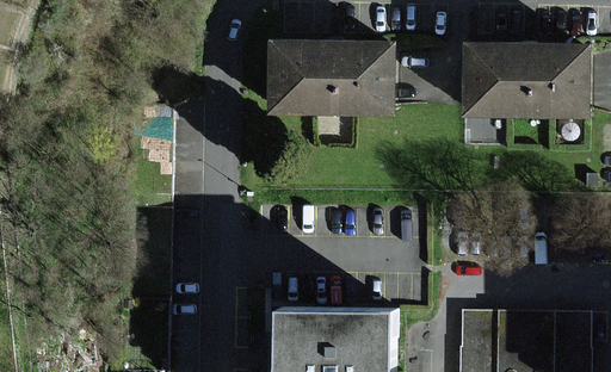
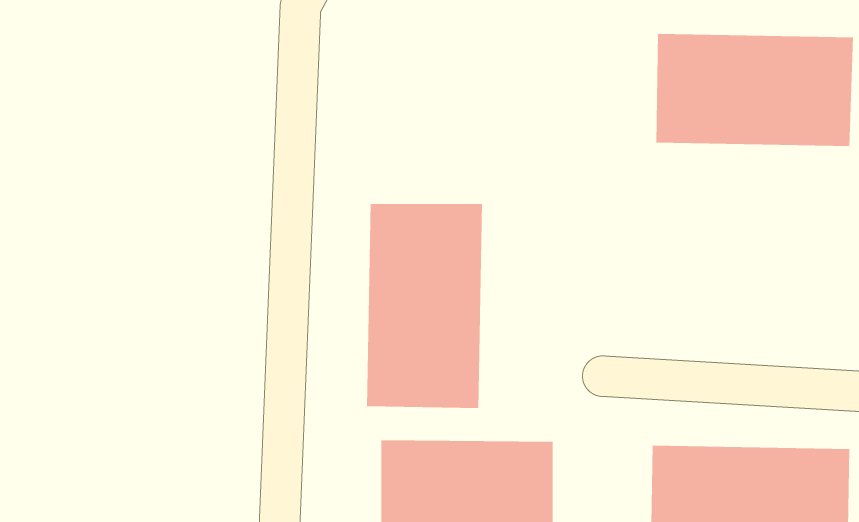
building: [267,38,397,112] -> none
building: none -> [366,203,483,409]

